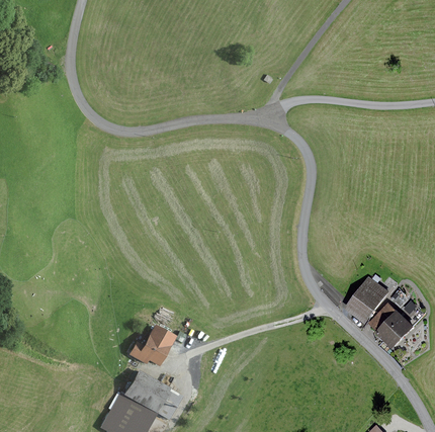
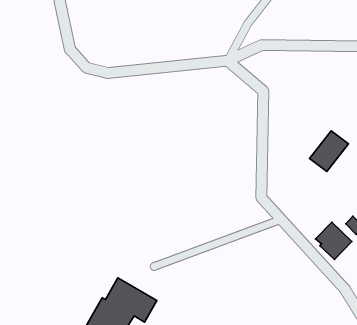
building: [344,276,389,324] -> [309,131,348,172]
building: [130,324,176,366] -> none

